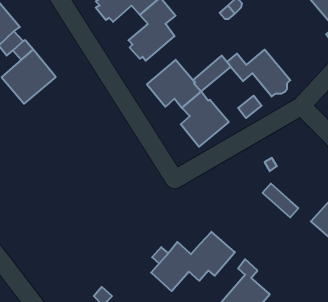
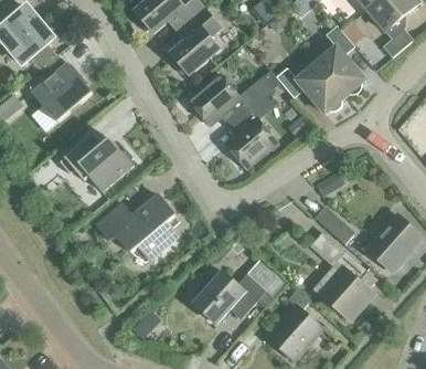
building: none -> [317,25,365,96]
building: none -> [60,133,134,191]
building: none -> [97,197,179,260]
building: none -> [311,232,373,319]

